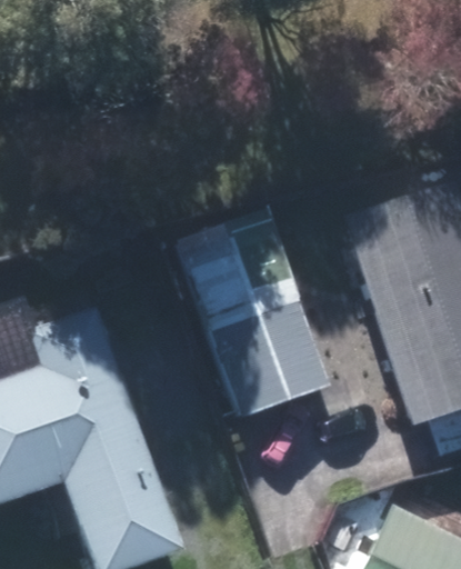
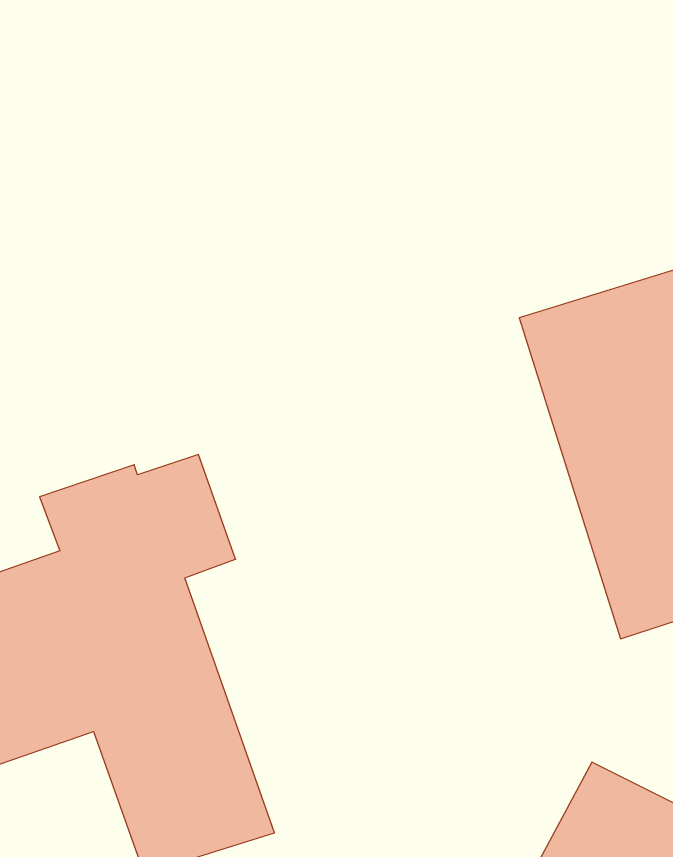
building: [181,209,329,419] -> none

